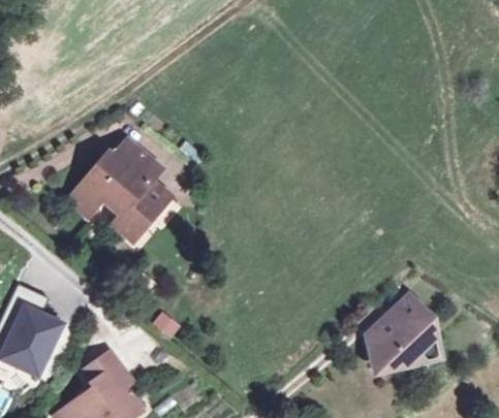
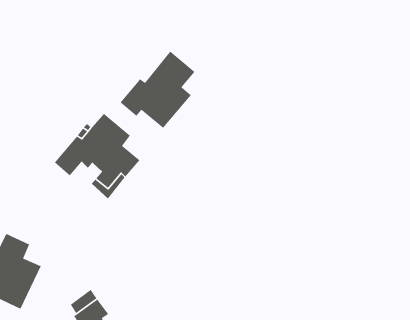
building: none -> [120,51,196,129]
building: [367,289,442,369] -> none

